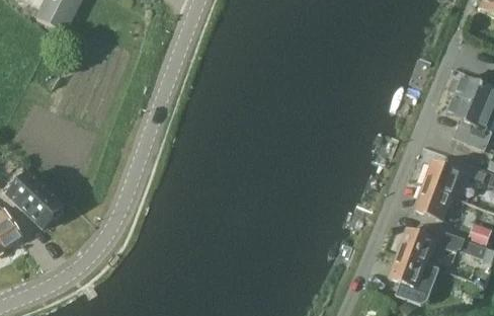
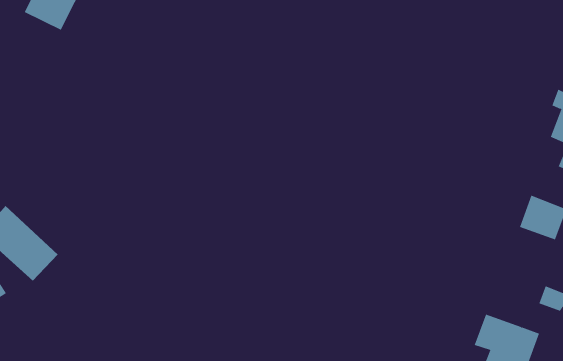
building: [415,184,452,219] -> none
building: [398,227,435,262] -> none

